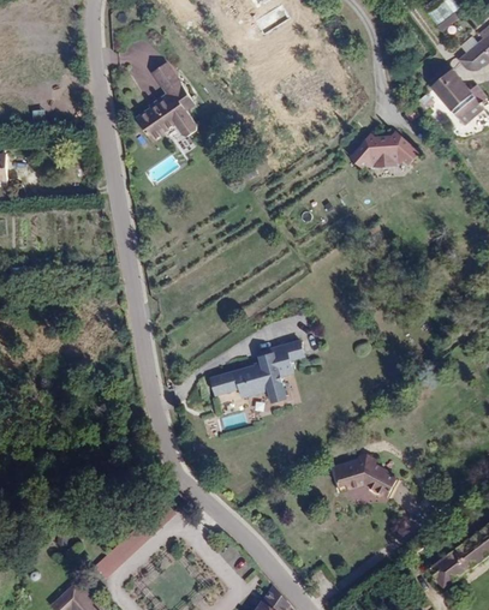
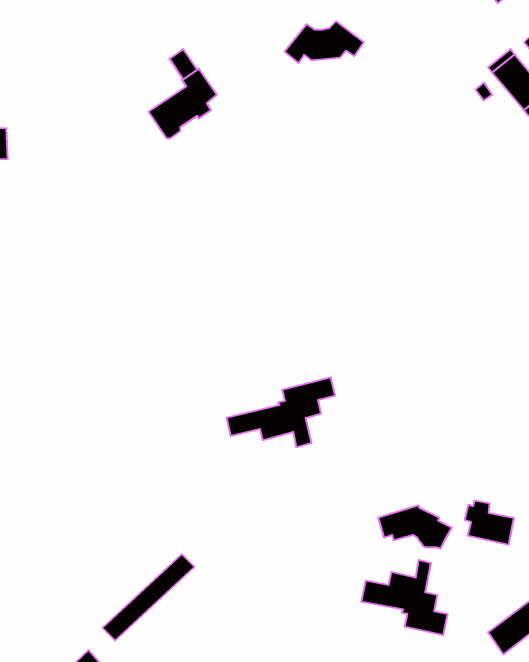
building: [350,133,418,169] -> [285,21,364,63]
building: none -> [465,501,514,545]
building: none -> [361,560,447,635]

